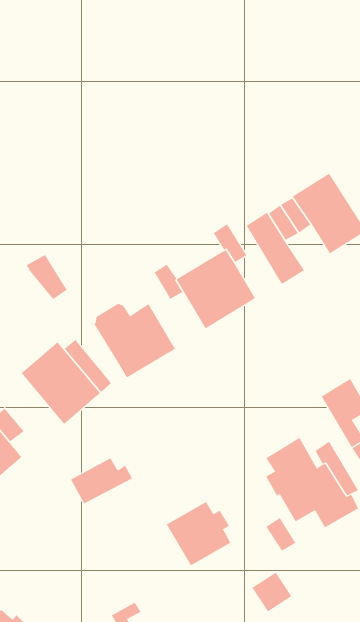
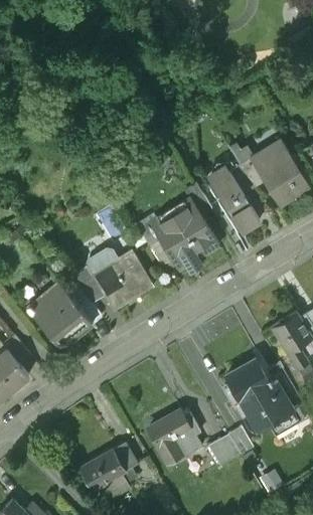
building: [26,254,68,300] -> [70,267,105,304]
building: [70,457,133,504] -> [79,451,130,489]
building: [252,572,292,612] -> [207,433,241,466]

